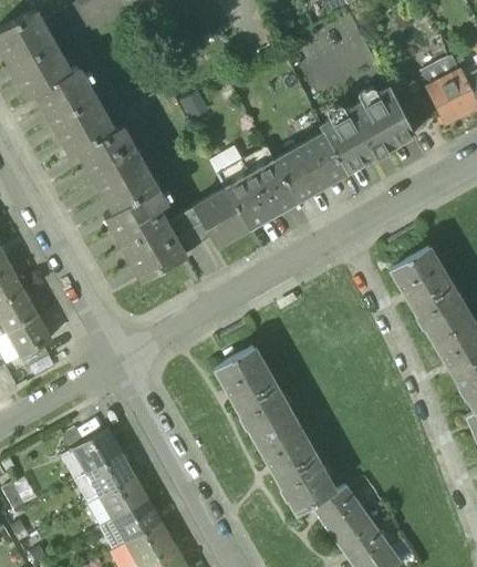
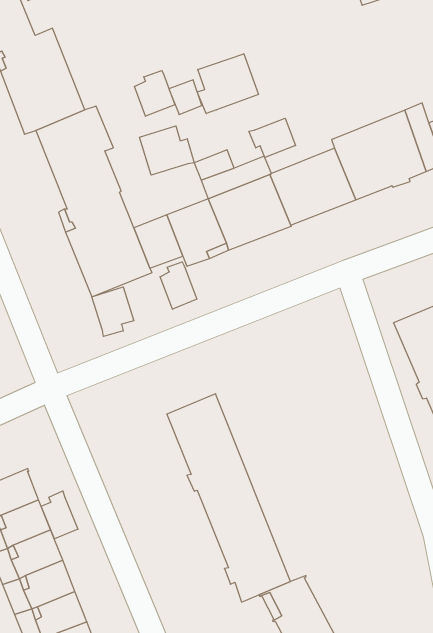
building: none -> [197,54,259,114]
building: none -> [134,71,175,116]
building: none -> [249,118,296,157]
building: none -> [139,126,194,175]
building: none -> [160,262,197,309]
building: none -> [92,287,134,336]
building: none -> [41,491,78,539]

